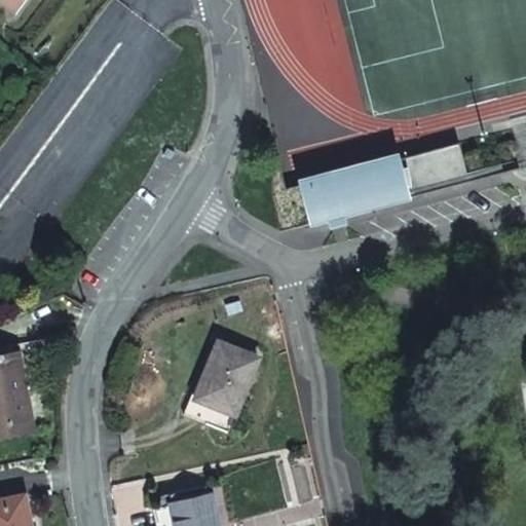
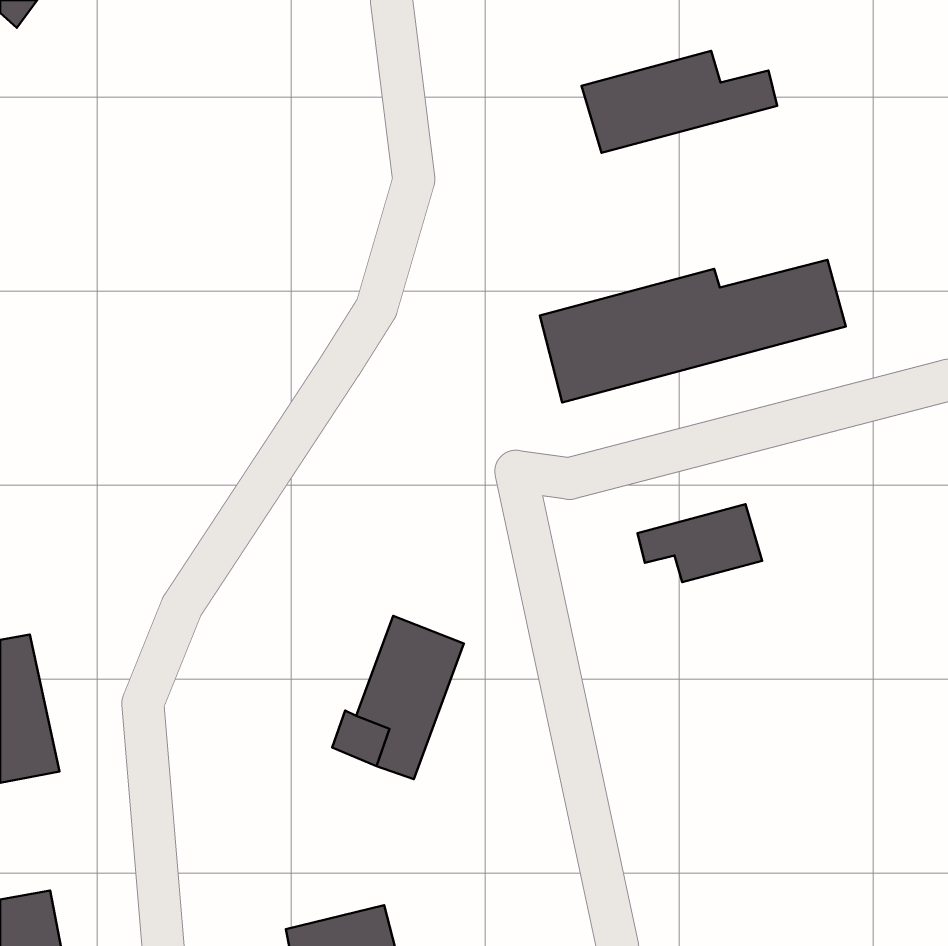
building: none -> [581,51,777,153]
building: none -> [638,504,762,582]

